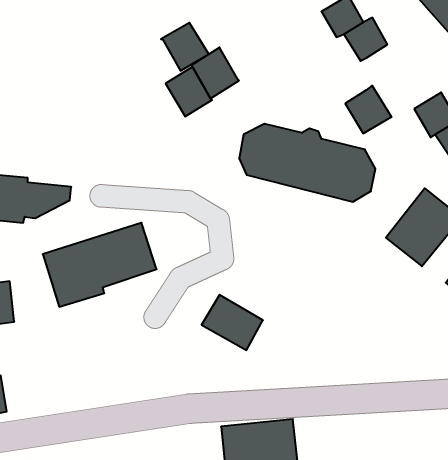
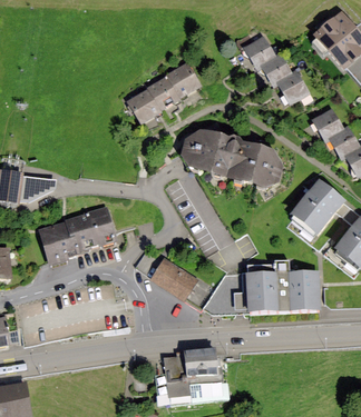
building: [161,23,209,71] -> [165,61,201,97]
building: [345,86,392,133] -> [275,68,310,103]
building: none -> [208,259,321,316]

